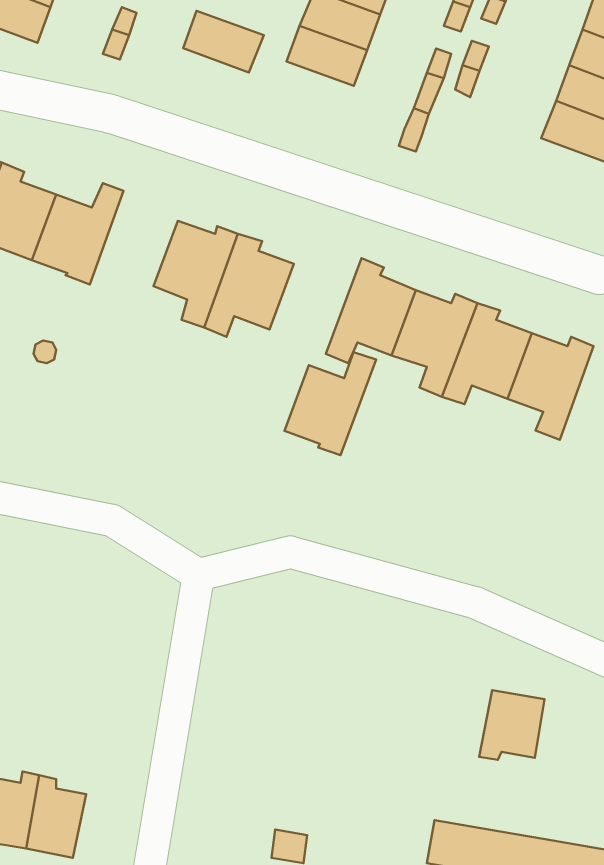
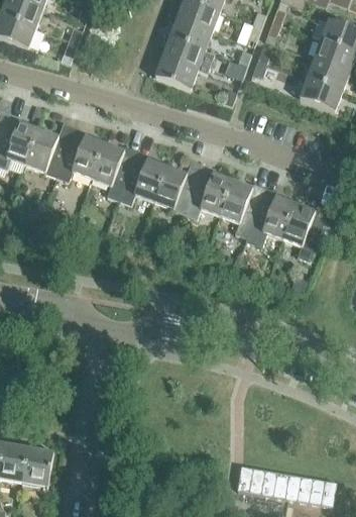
building: [183,11,264,73] -> [155,57,199,90]
building: none -> [56,126,104,181]
building: [284,352,376,455] -> [153,159,203,214]
building: [479,690,544,760] -> none

